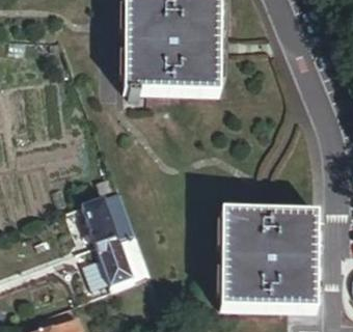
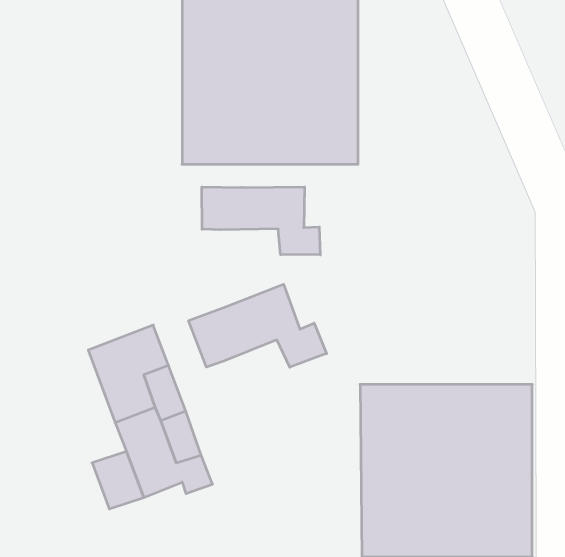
building: none -> [202,187,320,255]
building: none -> [189,284,327,367]

